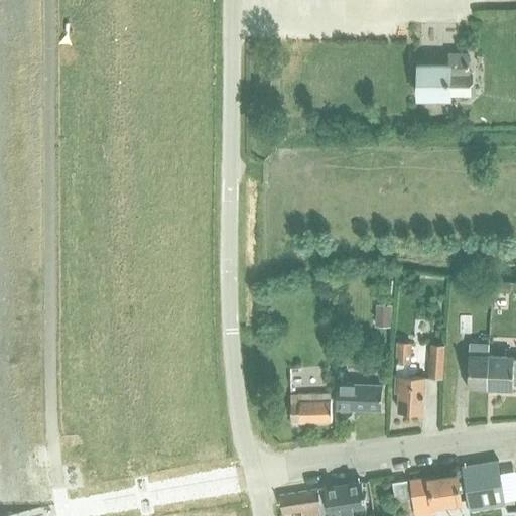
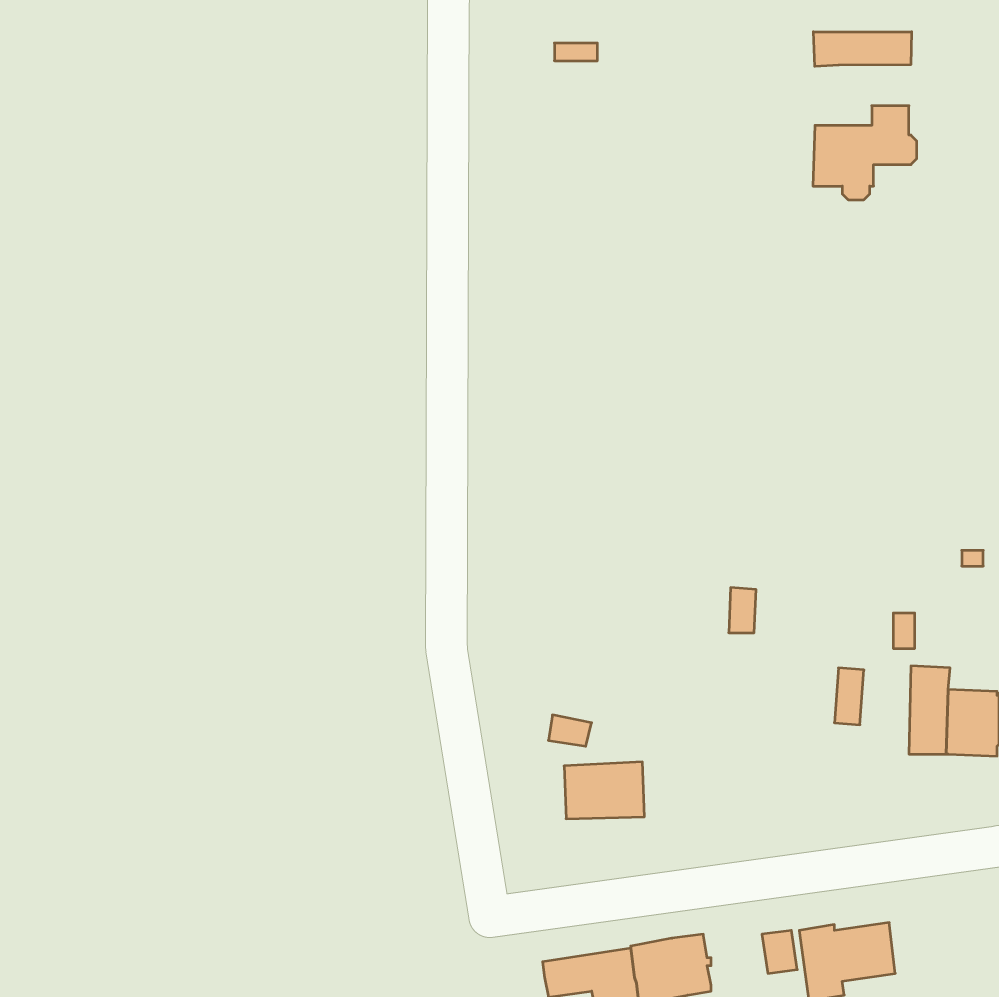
building: none -> [813,32,912,66]
building: [395,343,425,413] -> none
building: [336,383,382,411] -> none
building: [462,462,505,511] -> none

